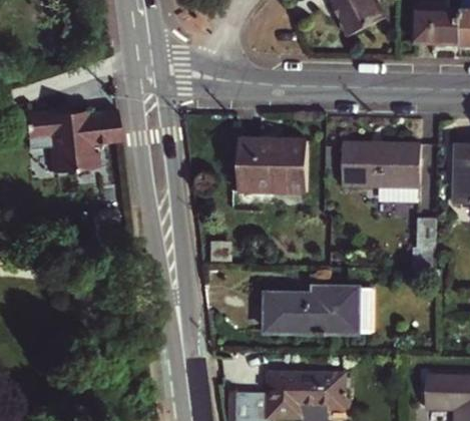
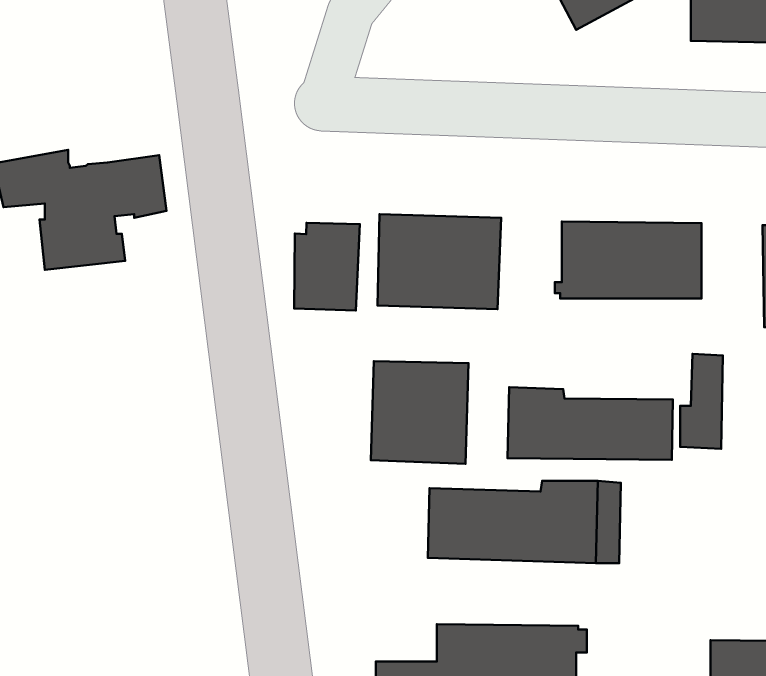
building: none -> [294,223,360,310]
building: none -> [371,361,468,464]
building: none -> [508,387,673,460]

